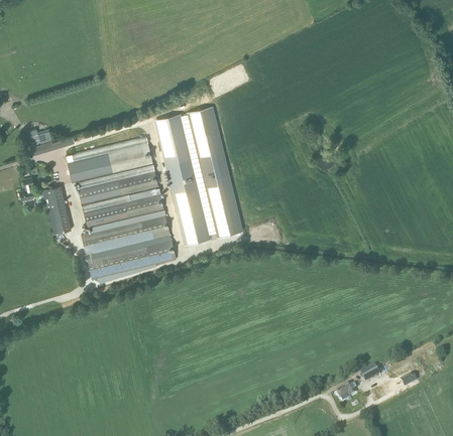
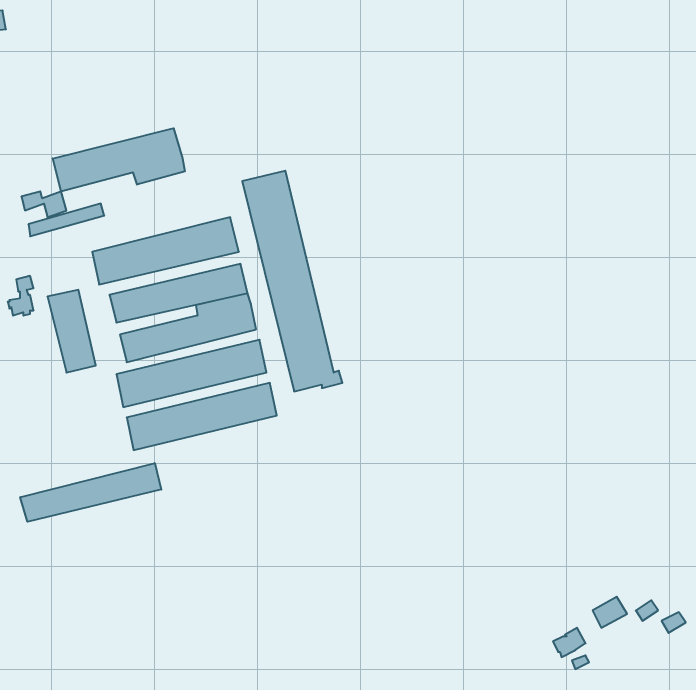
building: none -> [53,128,185,191]
building: [188,108,241,238] -> none
building: none -> [20,463,161,522]

